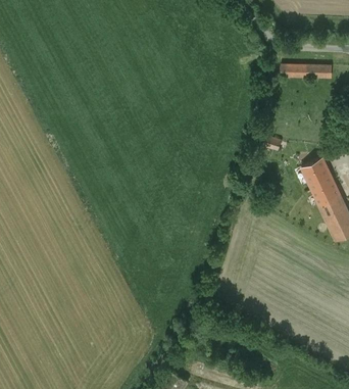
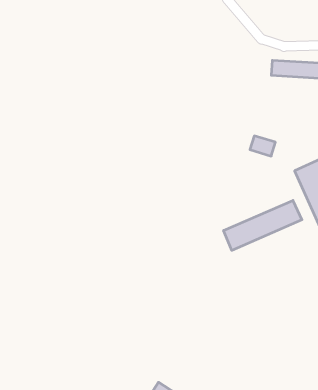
building: none -> [224,200,302,250]

